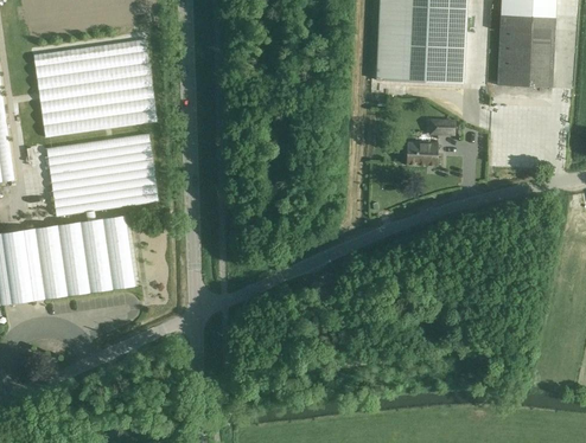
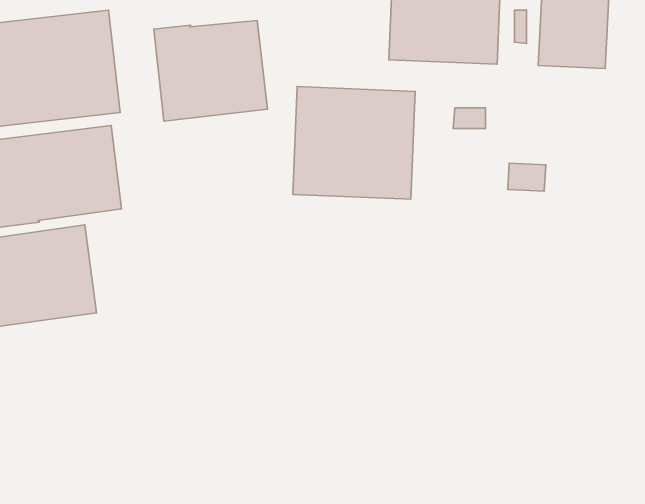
building: none -> [154,21,267,121]
building: none -> [293,87,415,199]
building: [406,143,437,166] -> [508,163,546,191]

